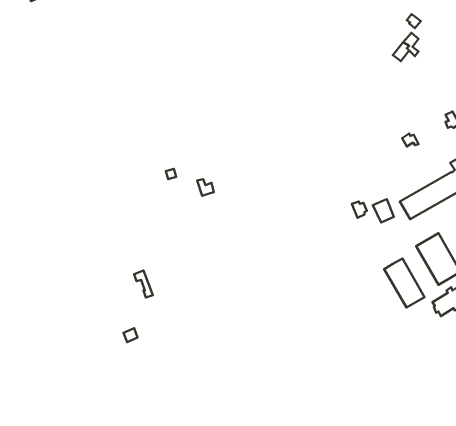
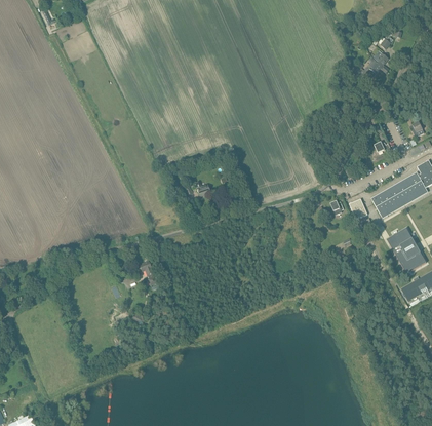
building: [384,259,425,307] -> none

